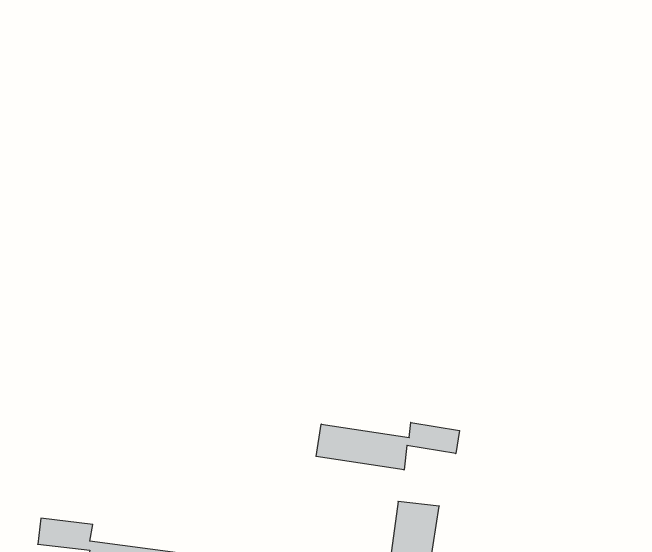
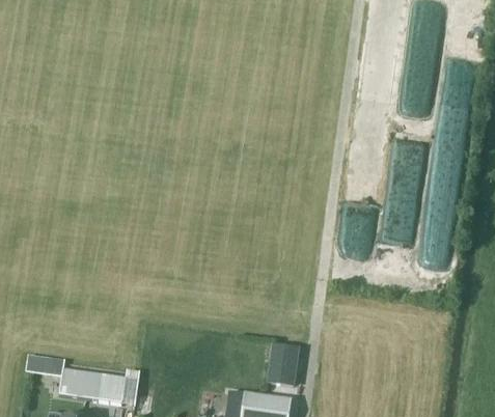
building: [316,422,460,470] -> none

